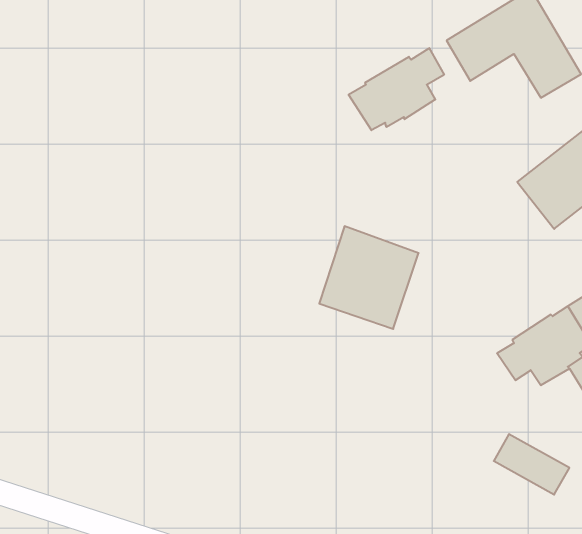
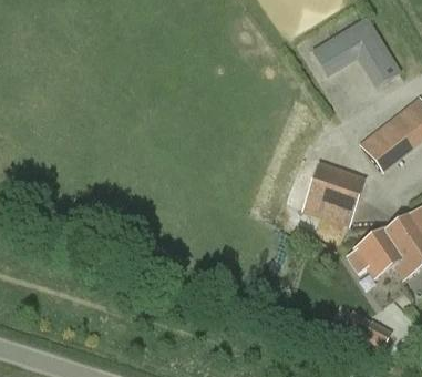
building: [349,48,444,130] -> none
building: [319,226,419,329] -> [301,159,367,226]

